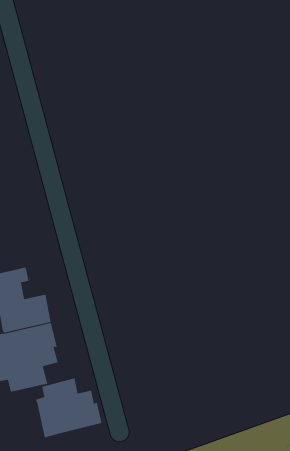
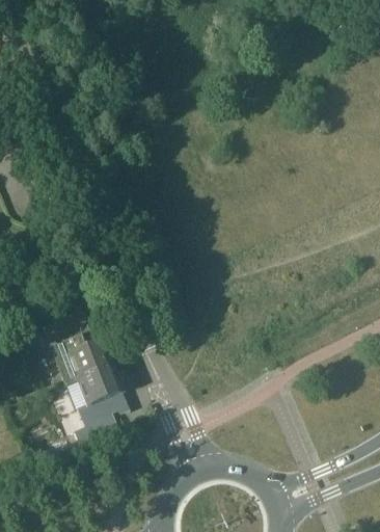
building: [36,378,102,438] -> none

